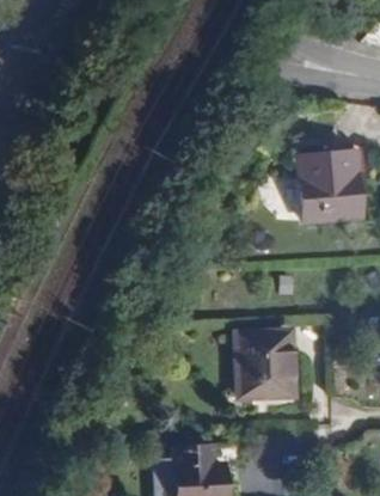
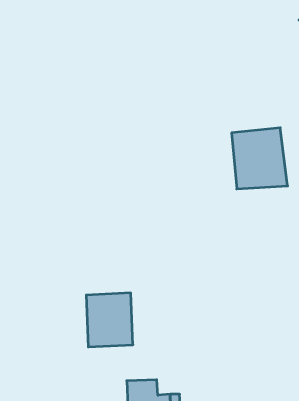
building: [239,330,293,392] -> [86,293,133,347]

